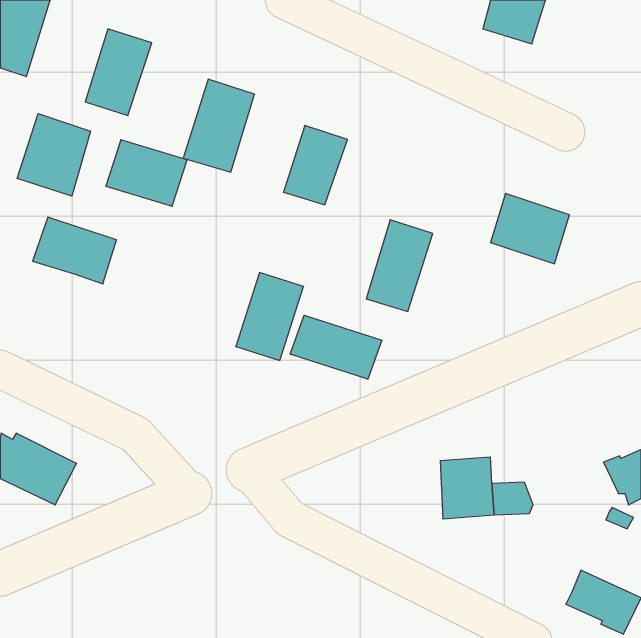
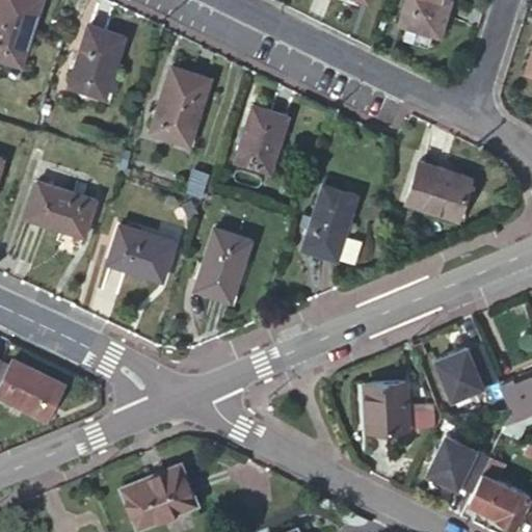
building: [17,114,90,196] -> none
building: [106,140,187,206] -> [108,227,176,282]
building: [290,315,382,379] -> none
building: none -> [436,345,498,400]
building: none -> [428,436,490,493]
building: none -> [123,467,194,527]

